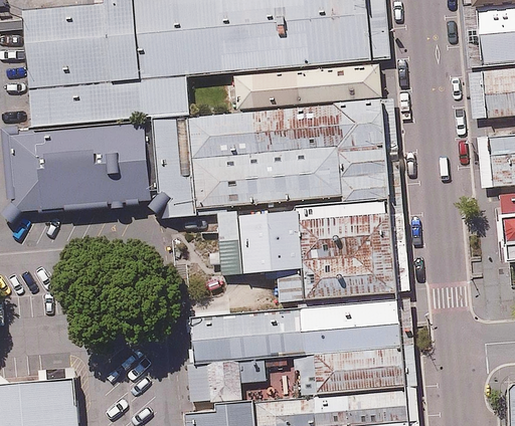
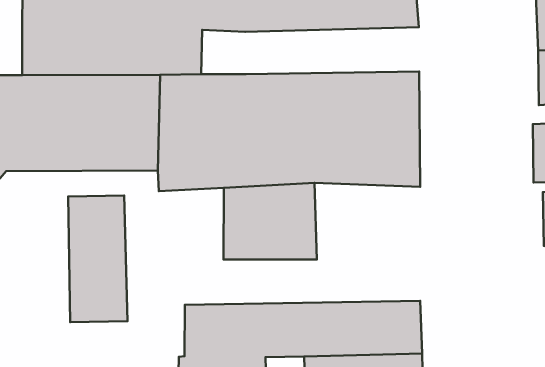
building: [225,58,381,111] -> none
building: [276,199,397,302] -> none
building: none -> [68,196,127,322]

